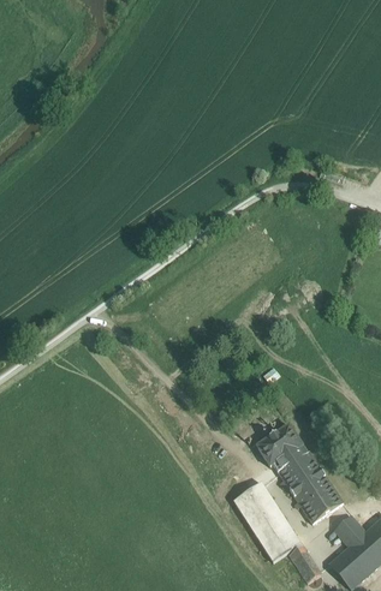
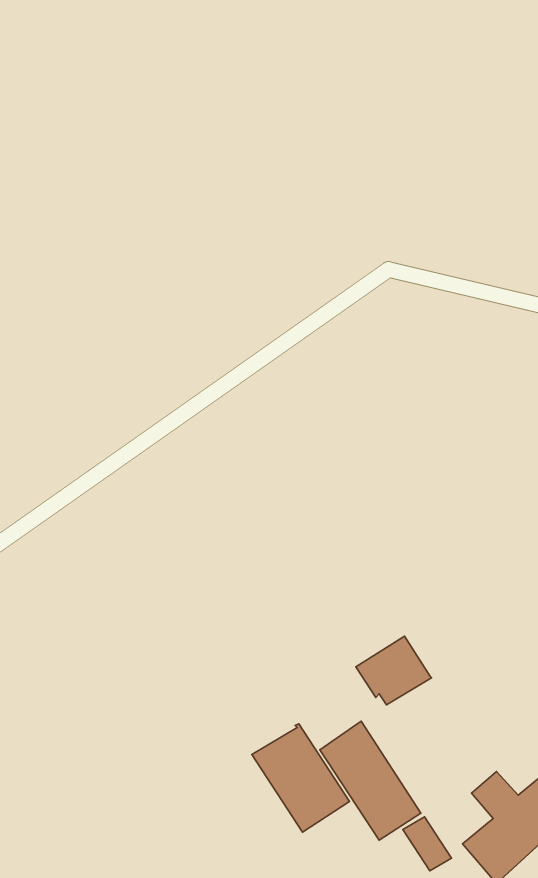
building: [276,449,341,521] -> [252,724,349,832]

